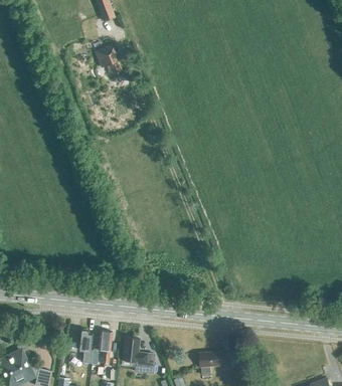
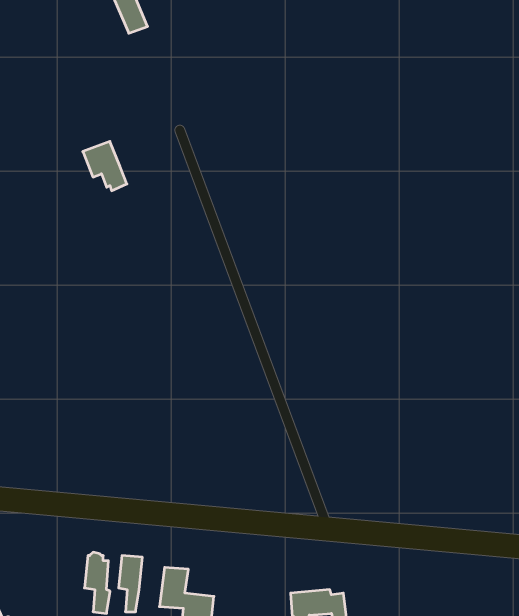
building: [96,46,122,75] -> [83,141,127,191]

